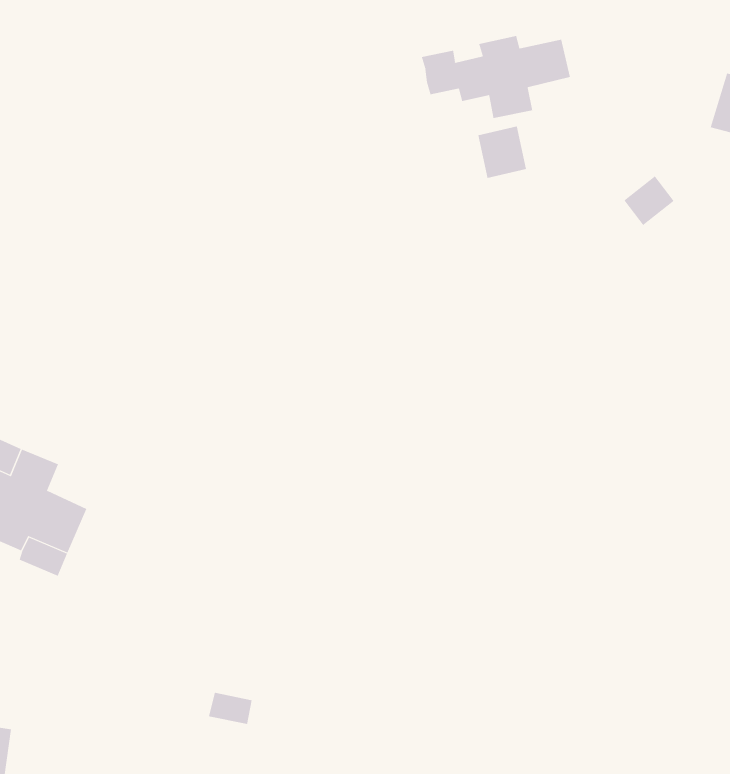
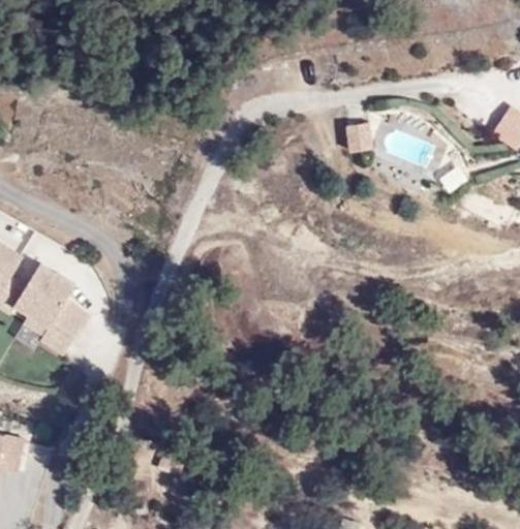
building: [421,35,570,119] -> none

